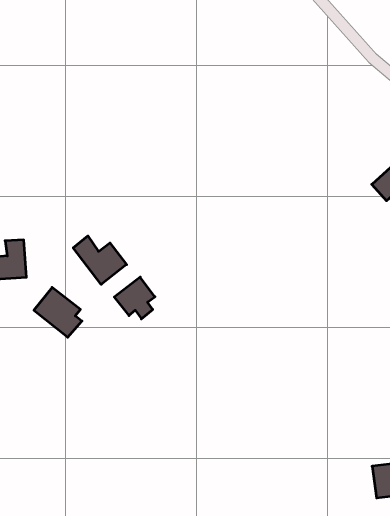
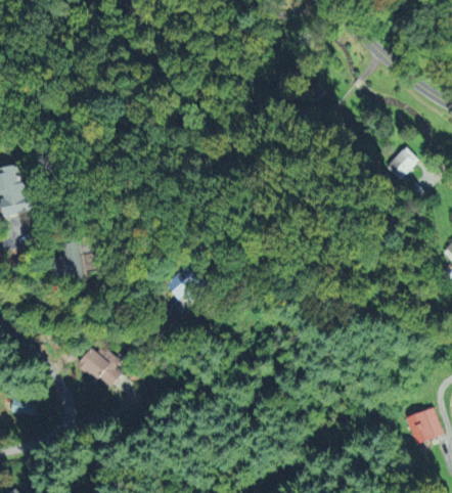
building: [73,236,127,284] -> none
building: [34,287,82,337] -> [78,346,121,389]

